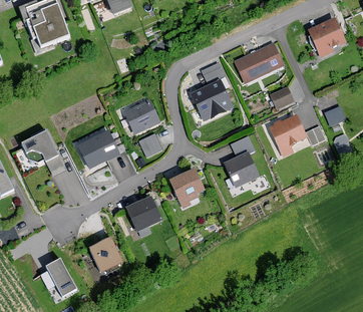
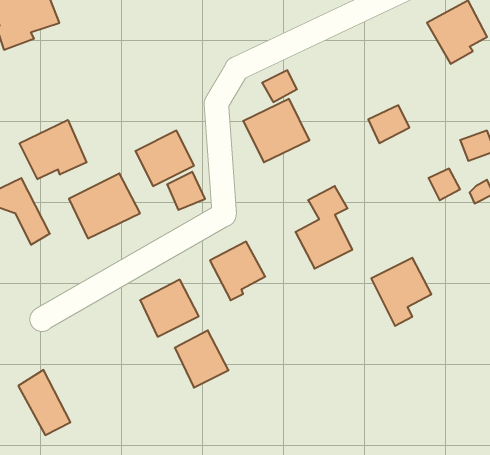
building: [234,42,283,81] -> none
building: none -> [20,120,87,179]
building: [268,114,306,158] -> [371,258,431,326]
building: [87,237,121,273] -> [175,330,229,388]

